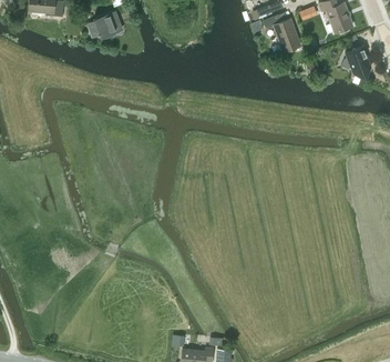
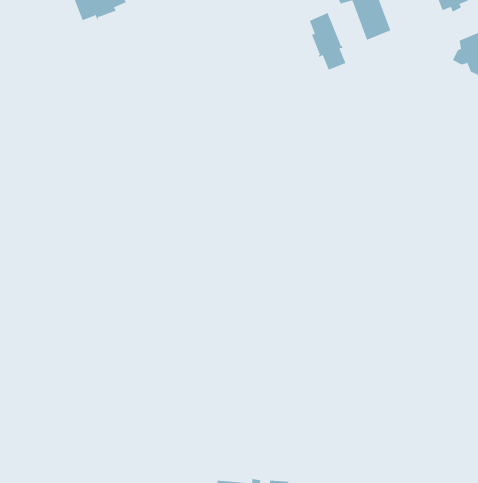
building: none -> [309,12,346,70]

